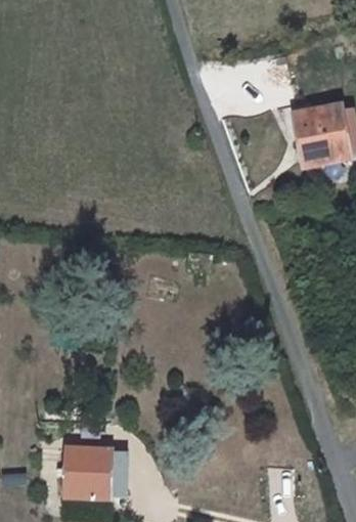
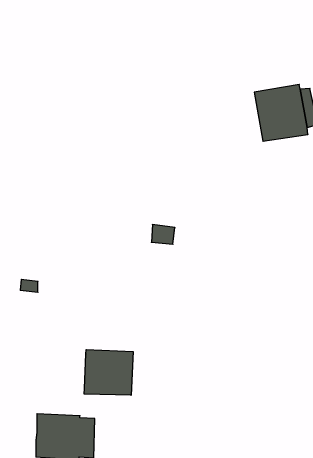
building: none -> [84,350,133,395]

